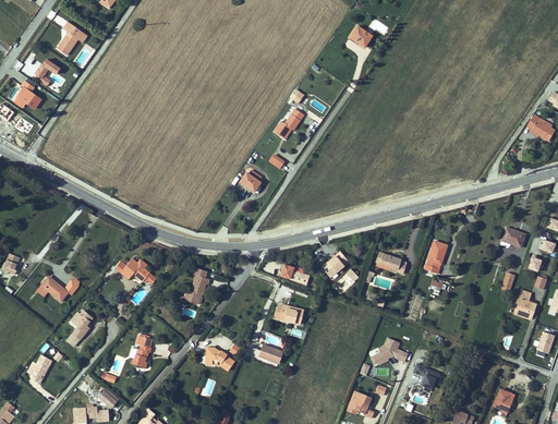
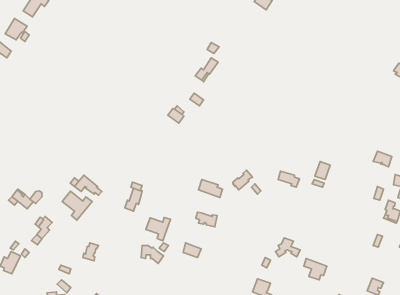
building: none -> [62,191,92,220]
building: none -> [146,217,170,241]

